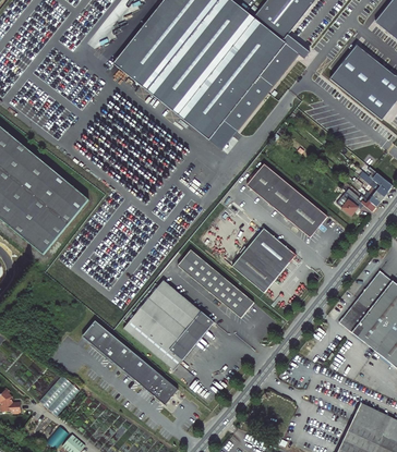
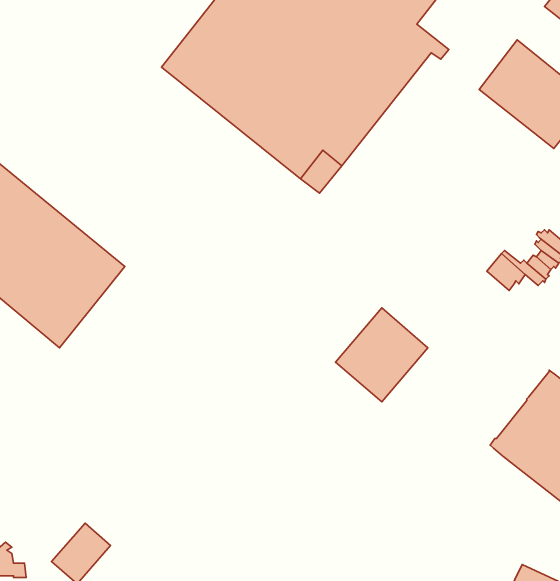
building: [248,162,328,236] -> none
building: [178,248,254,317] -> none
building: [123,280,214,369] -> none
building: [82,320,178,403] -> none

